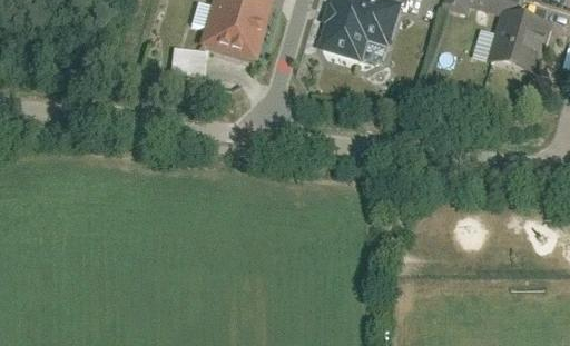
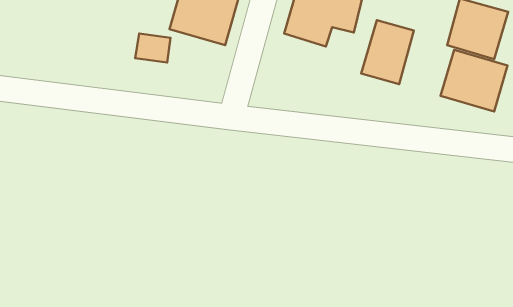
building: none -> [361,20,414,84]
building: none -> [441,50,508,112]

